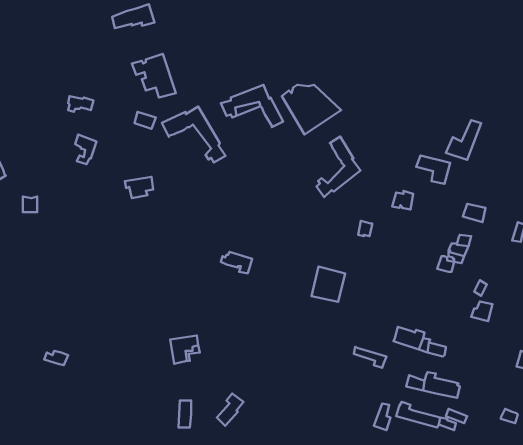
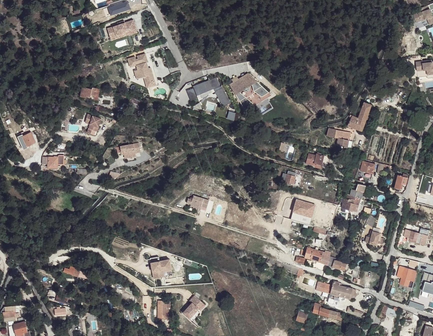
building: [162,106,226,163] -> none
building: [316,137,361,197] -> none
building: [311,266,345,302] -> [290,198,314,223]

